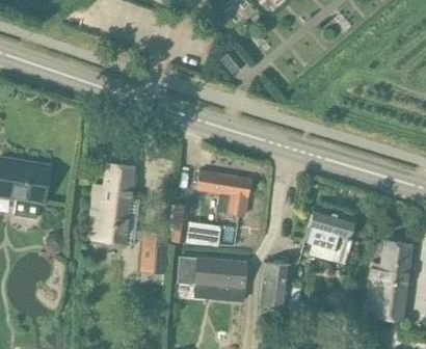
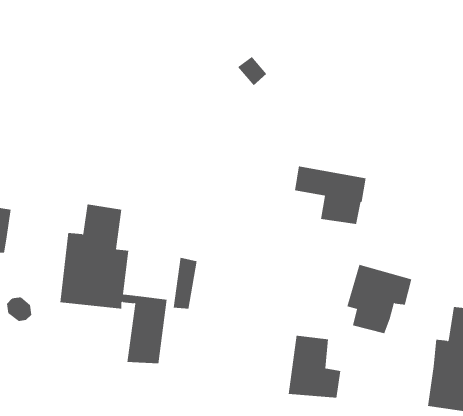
building: [196,170,251,215] -> [294,166,367,225]
building: [189,221,225,244] -> none
building: [177,257,245,300] -> none

